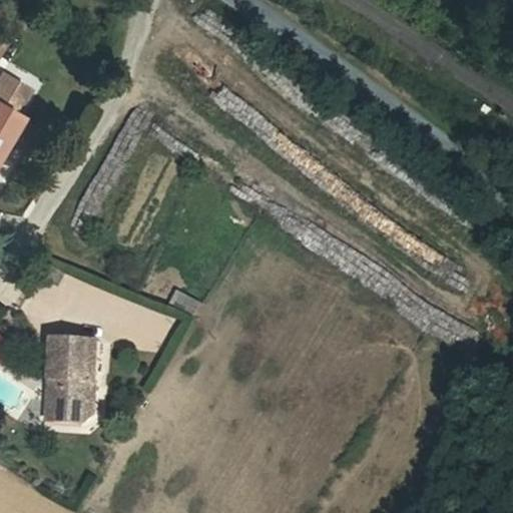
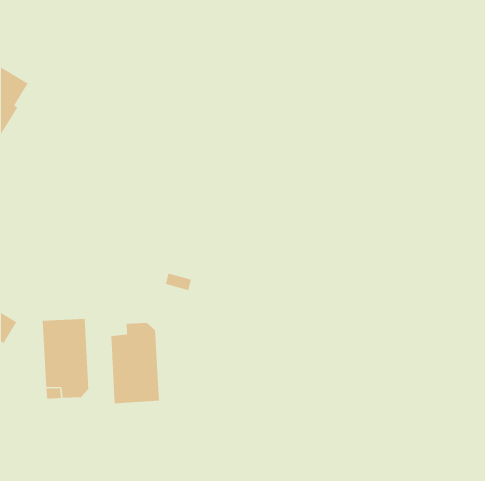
building: none -> [111,322,159,404]

